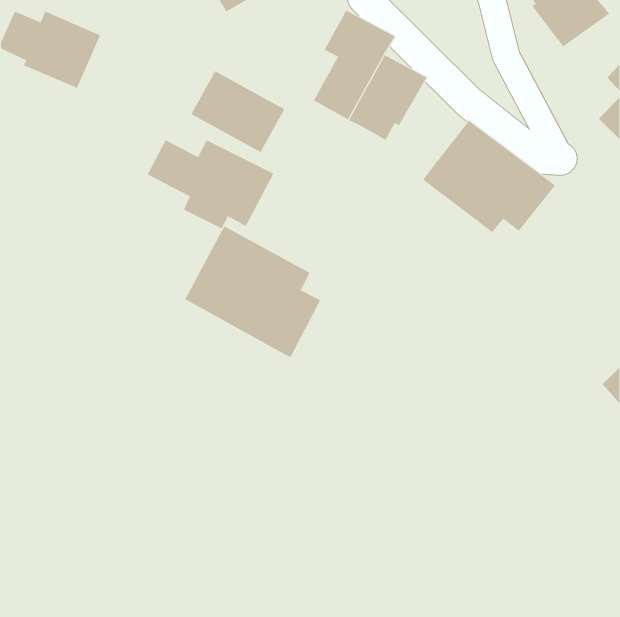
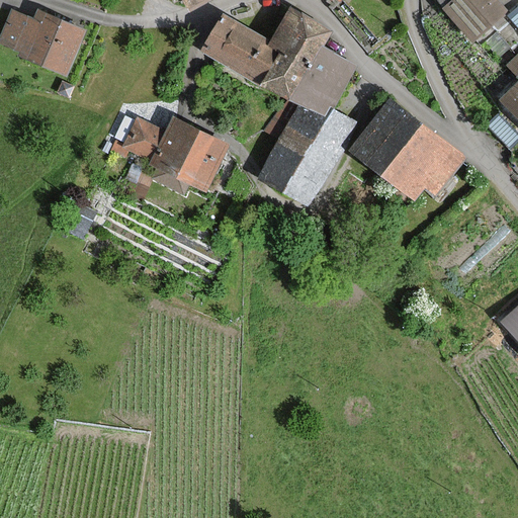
building: [191,70,285,153] -> [202,15,281,84]
building: none -> [258,104,355,205]
building: [184,225,321,358] -> none

